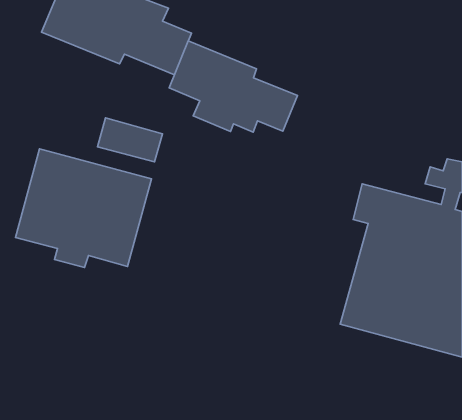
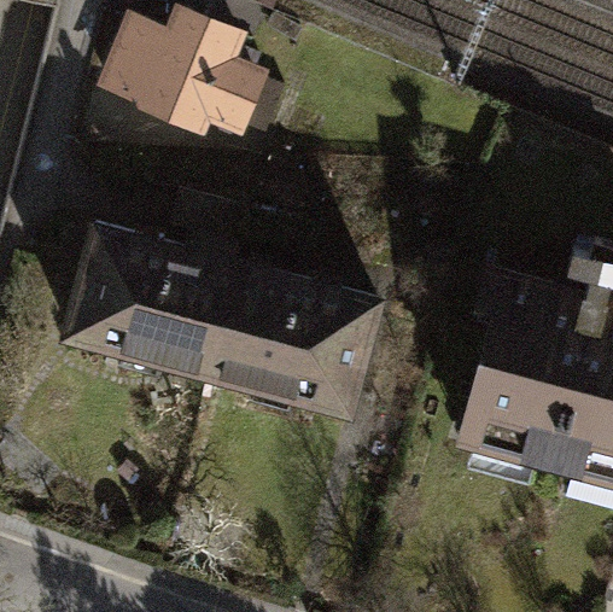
building: [169,41,298,132] -> none
building: none -> [205,270,374,414]

